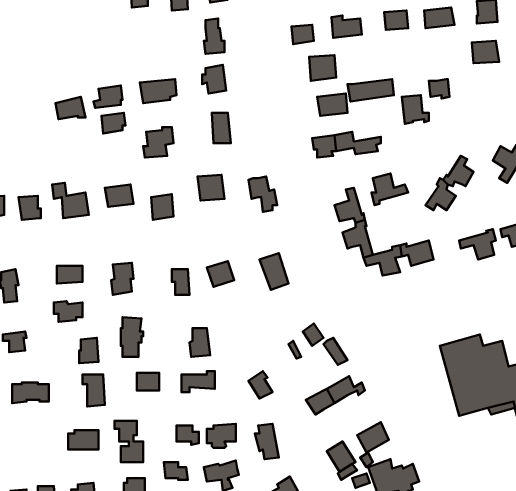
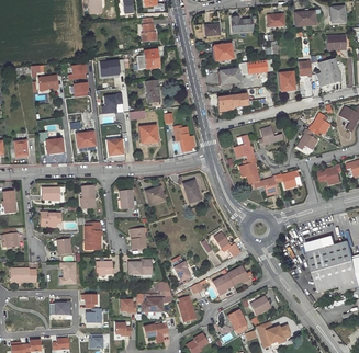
building: none -> [317,58,340,86]

